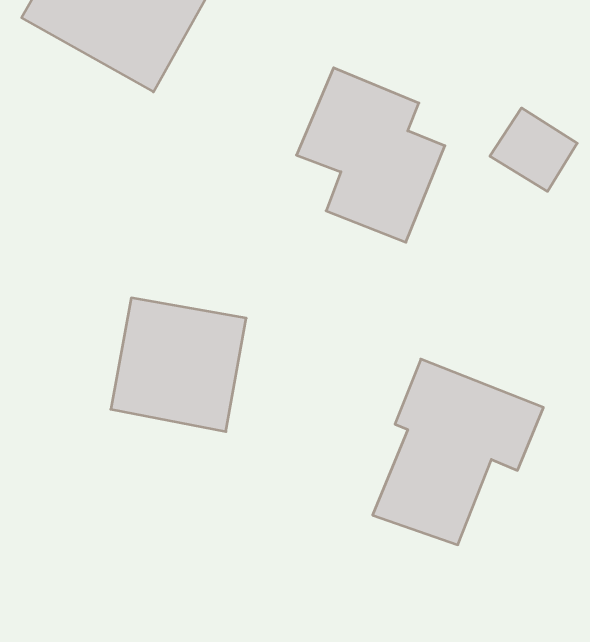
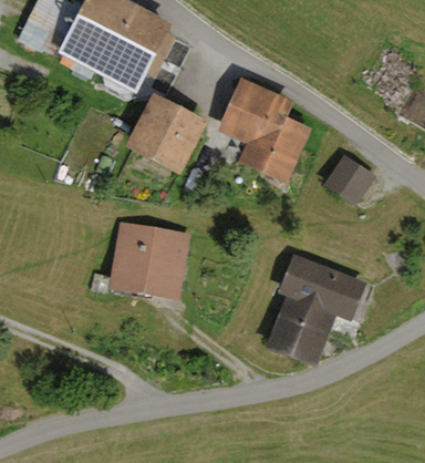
building: none -> [127,92,209,172]
building: [490,108,577,191] -> [323,154,375,204]

